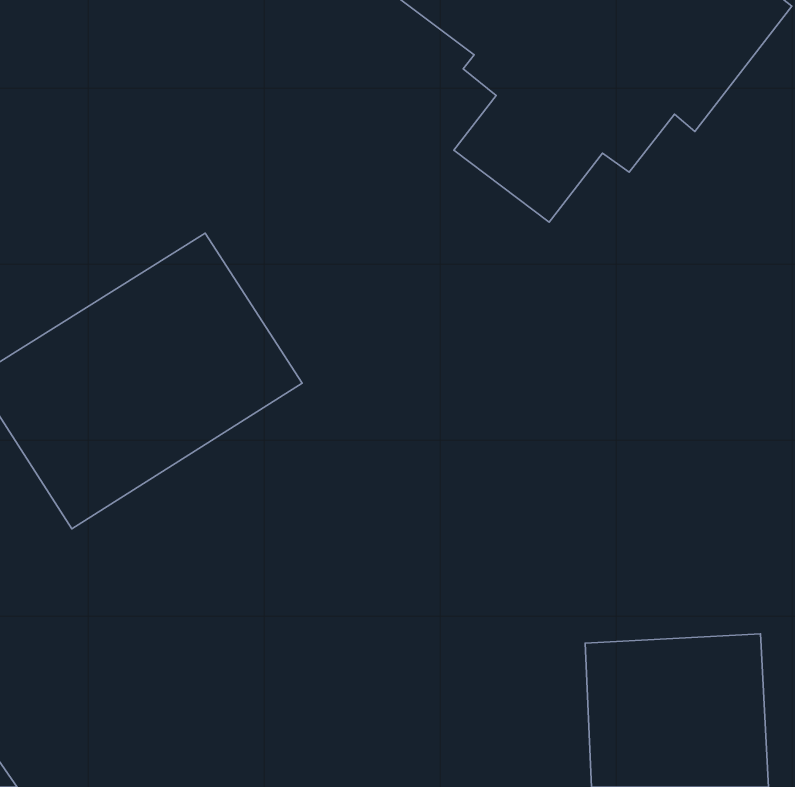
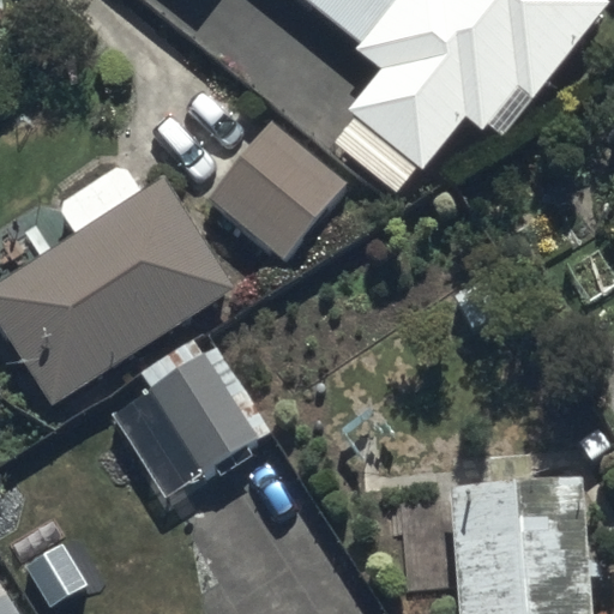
building: none -> [206,122,348,264]
building: none -> [101,342,259,500]

